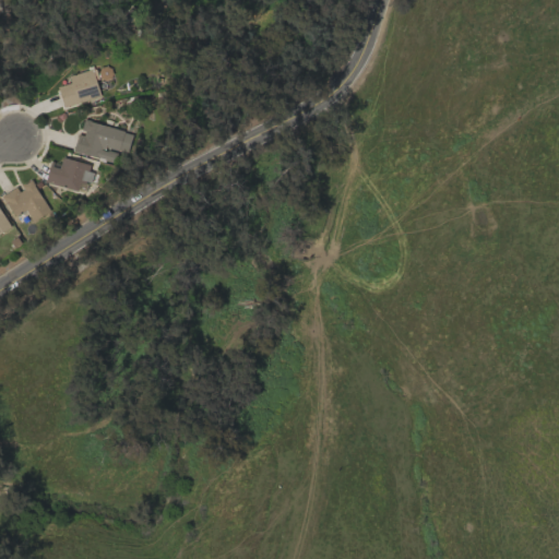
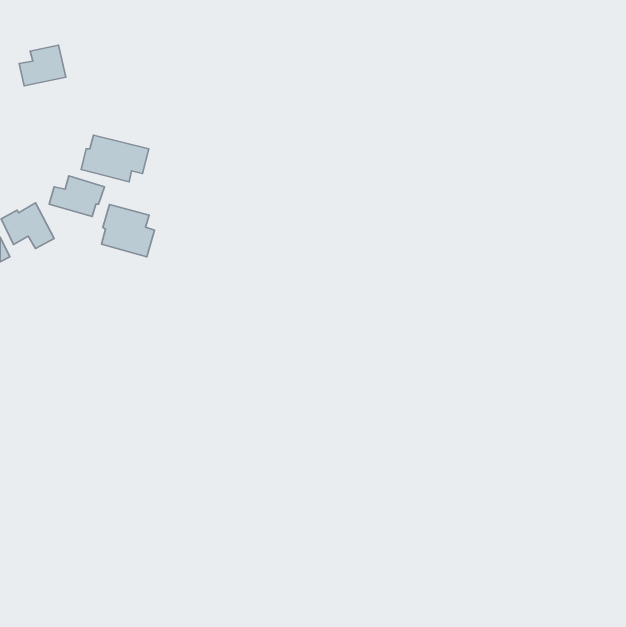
building: [59,70,100,106] -> [19,45,66,86]
building: none -> [102,205,154,257]

